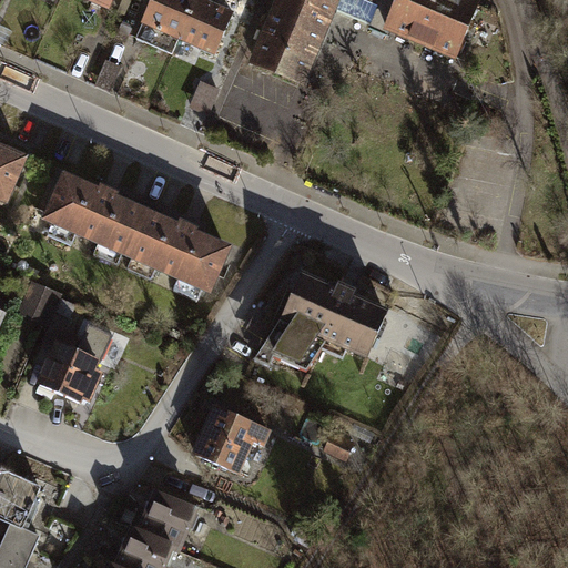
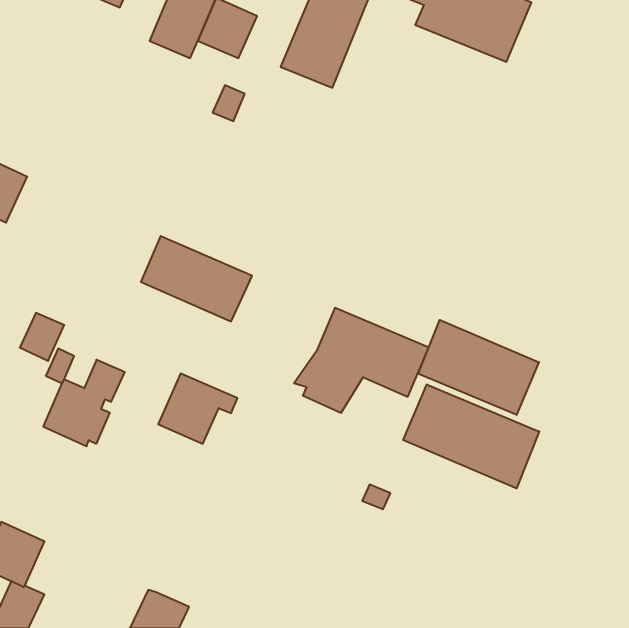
building: [45,176,144,253] -> none
building: none -> [418,320,539,415]
building: none -> [403,384,539,488]
building: [195,407,266,470] -> [158,373,237,444]
building: [140,491,193,547] -> none

